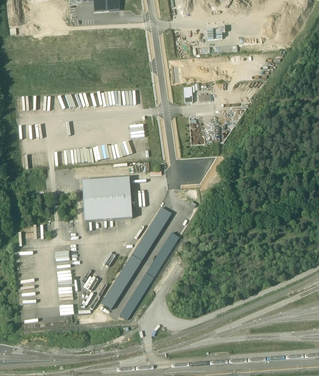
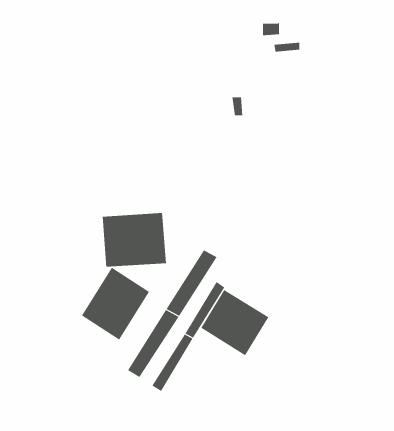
building: none -> [81,267,150,341]
building: none -> [200,289,269,356]

